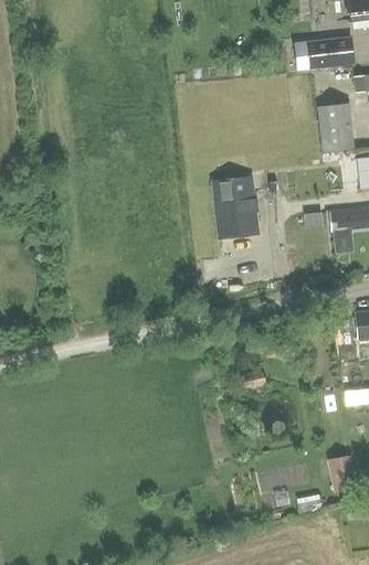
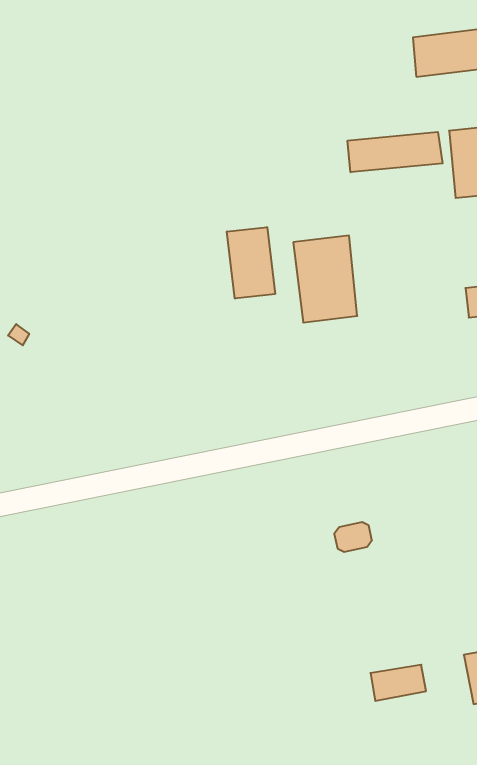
building: none -> [348,132,443,172]
building: none -> [227,227,275,299]

